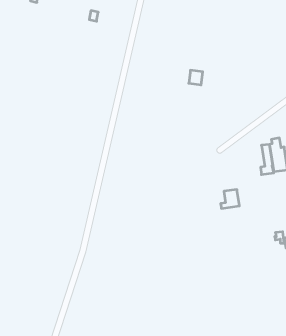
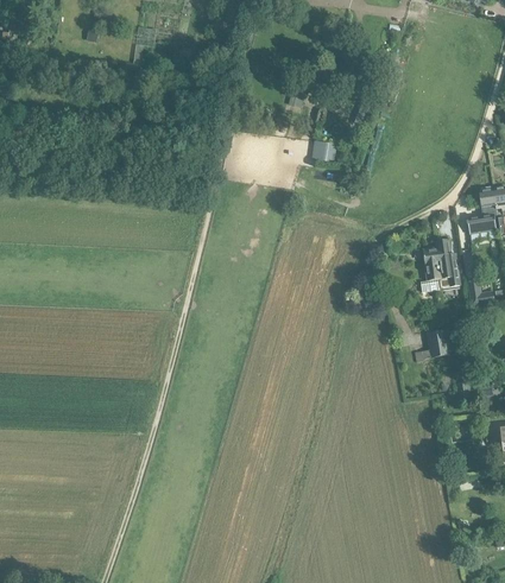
building: [221,190,239,208] -> [422,330,449,357]

